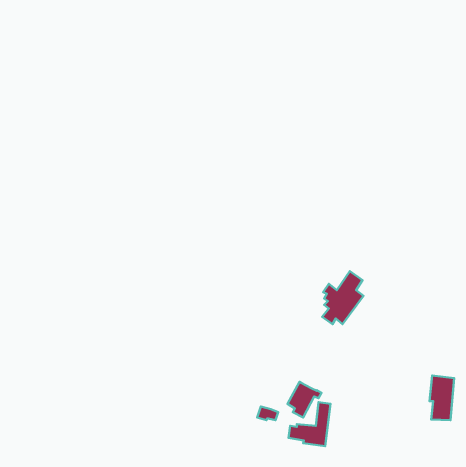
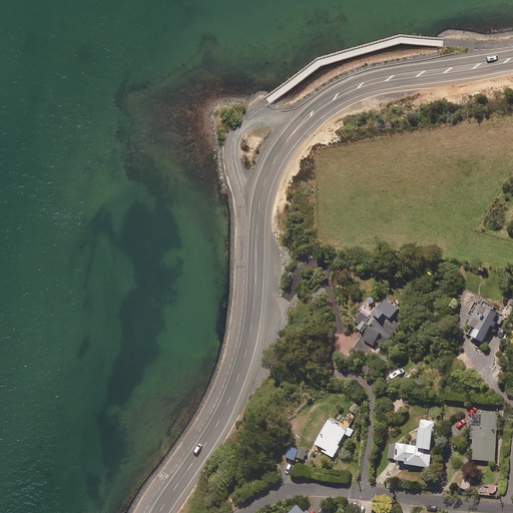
building: none -> [467,300,502,343]
building: [288,402,331,446] -> [388,419,434,467]

